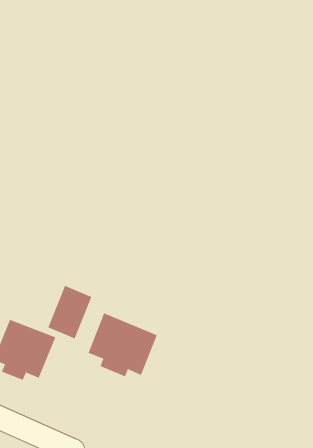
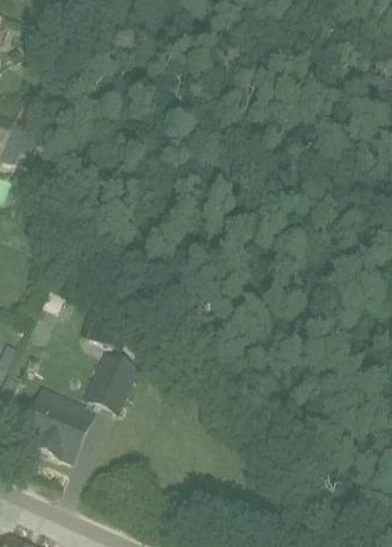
building: [88,312,158,377] -> none

